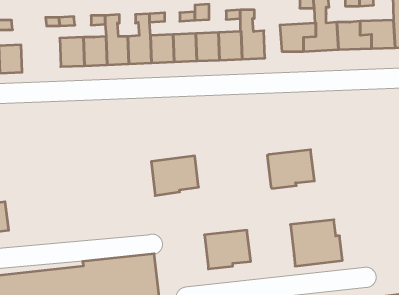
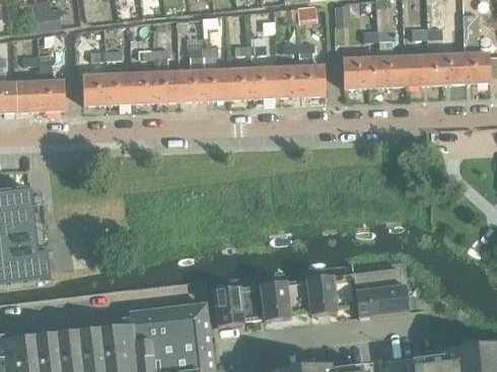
building: none -> [81,72,105,102]
building: [267,150,314,188] -> [305,272,356,313]
building: [151,156,199,196] -> [213,283,264,325]

